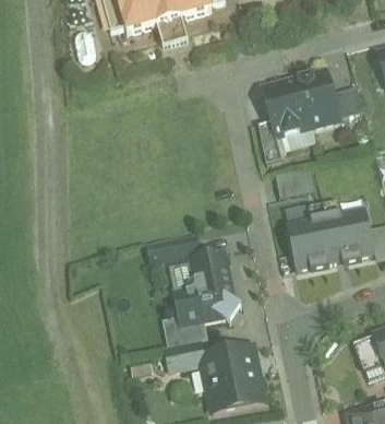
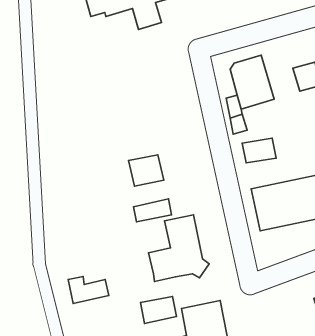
building: [298,69,340,126] -> none
building: none -> [129,155,164,186]
building: [164,317,208,346] -> [68,277,109,304]

